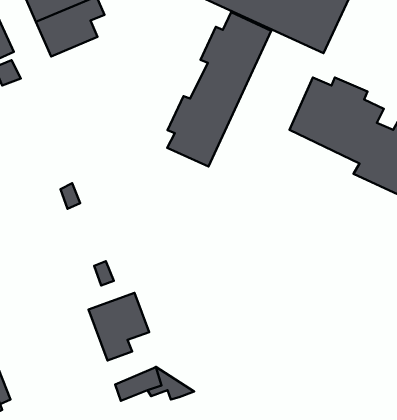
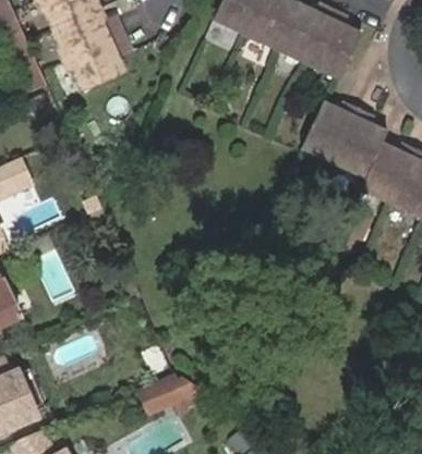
building: [167,12,271,166] -> none
building: [88,293,149,361] -> none

